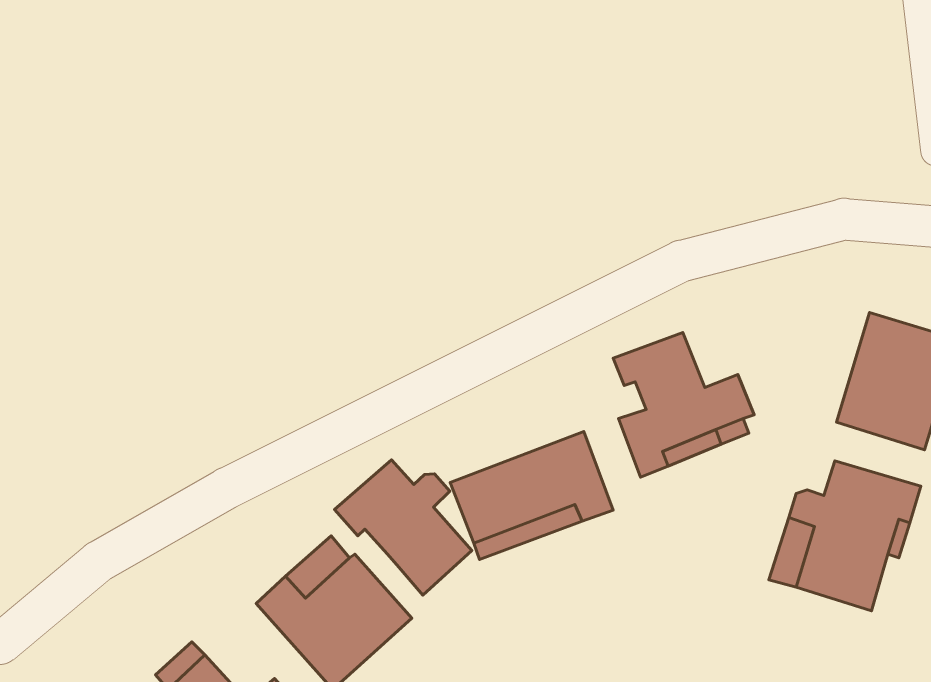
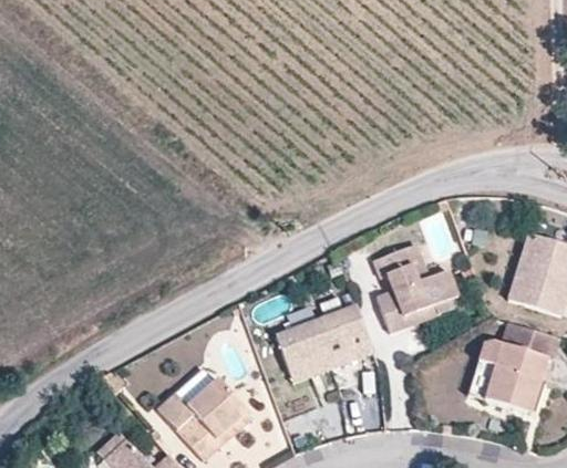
building: [334,460,472,595] -> none

